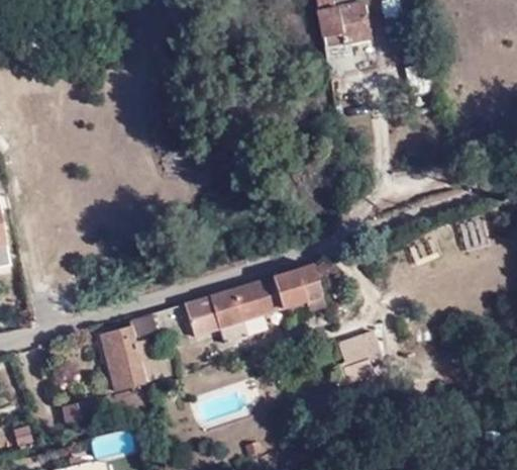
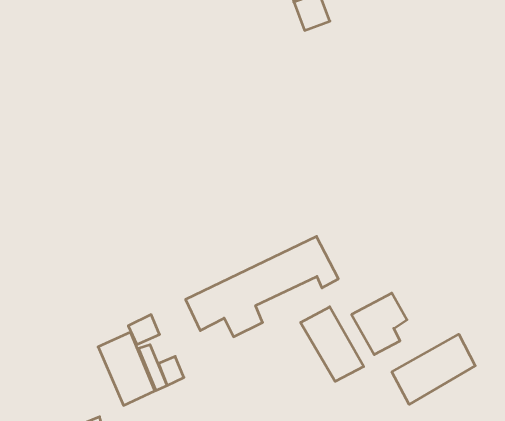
building: none -> [301,307,364,381]
building: none -> [392,334,475,404]

